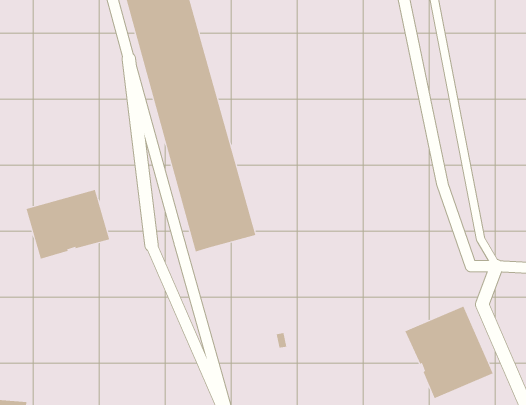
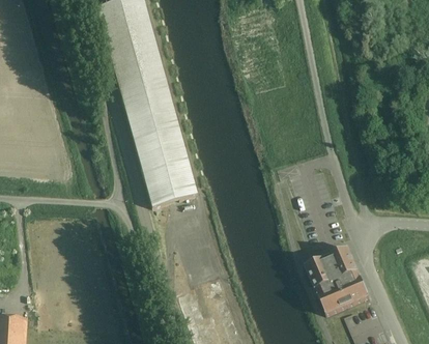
building: [26,189,110,259] -> none

